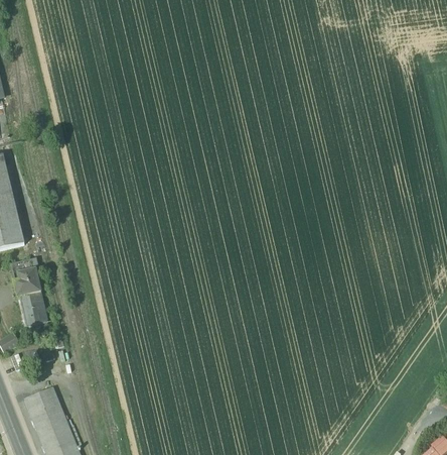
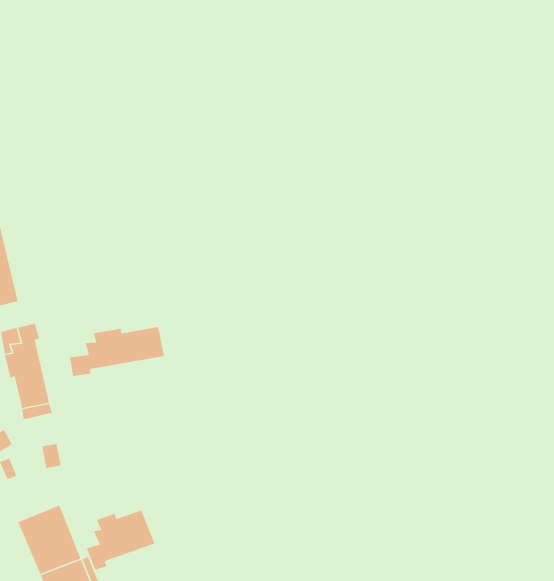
building: none -> [69,326,165,377]
building: none -> [86,509,156,571]

